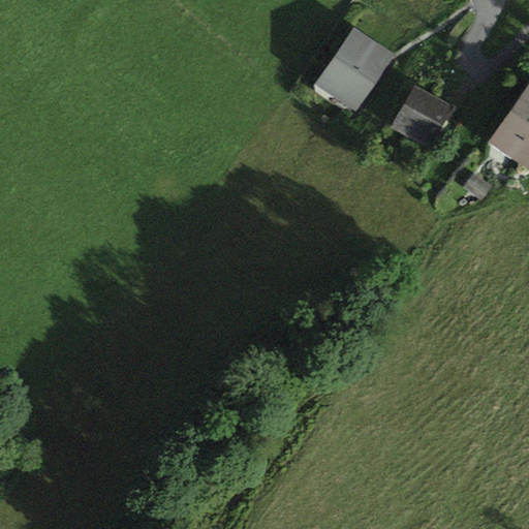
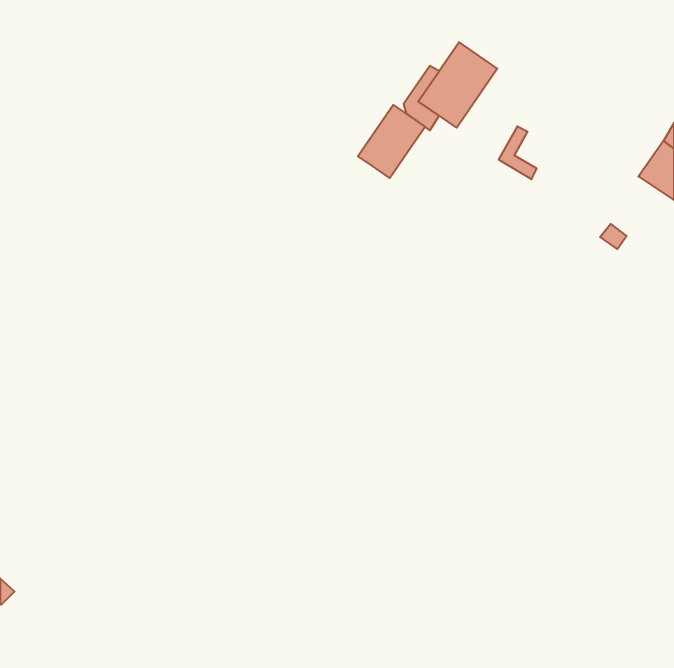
building: none -> [358,105,425,178]
building: [403,91,448,137] -> none

